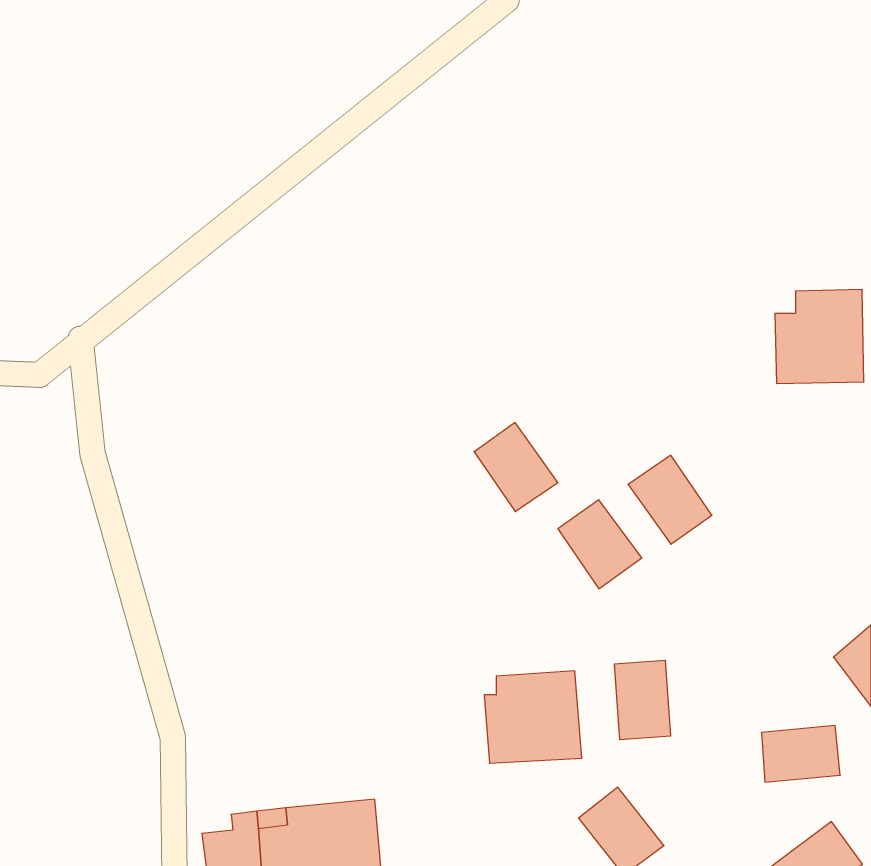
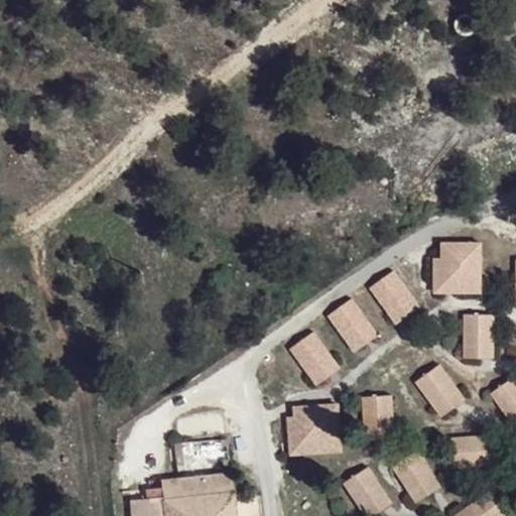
building: [775,289,864,384] -> [430,242,483,297]
building: [474,423,558,512] -> [288,334,338,386]
building: none -> [460,311,493,358]
building: none -> [416,367,467,419]
building: none -> [389,447,439,500]

